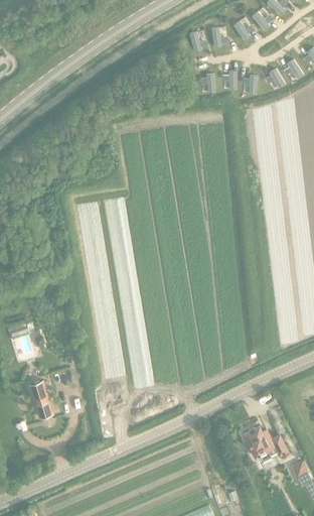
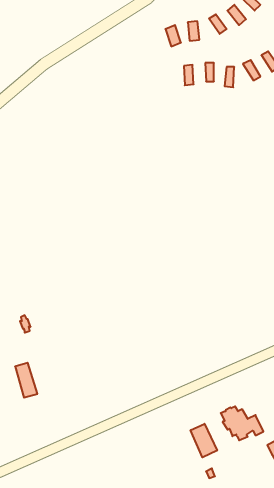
building: none -> [191,424,217,457]

